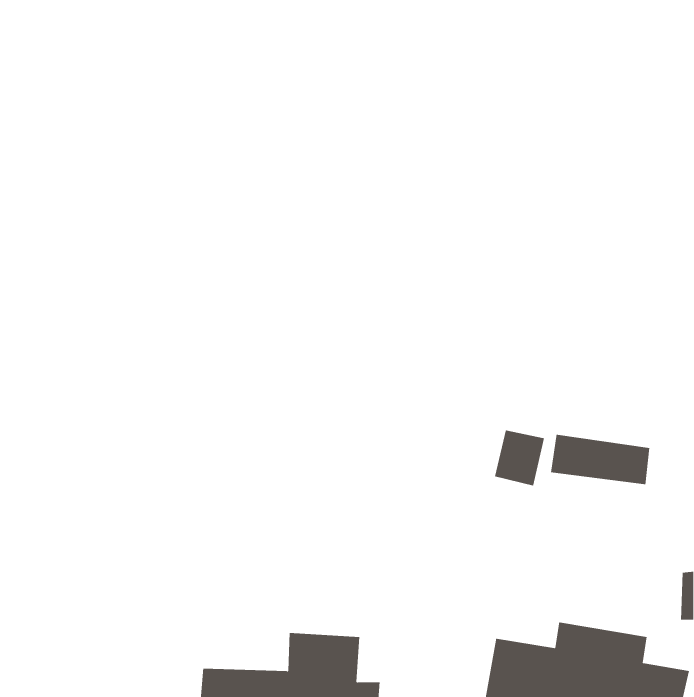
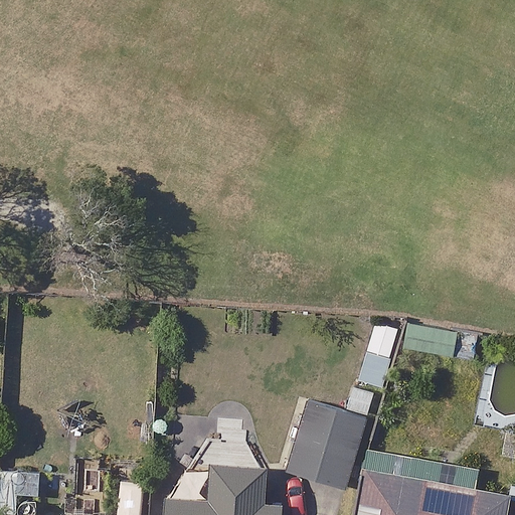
building: none -> [291,382,372,488]

